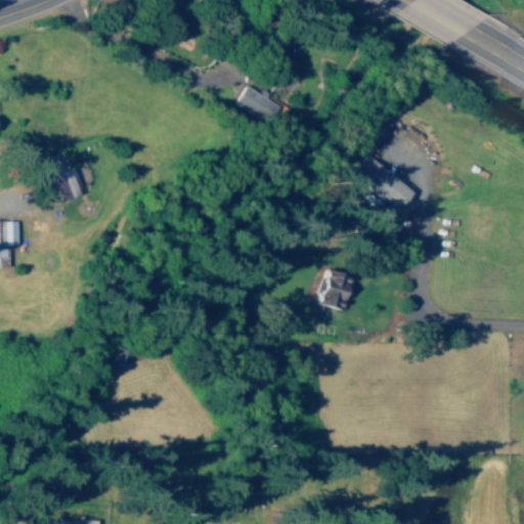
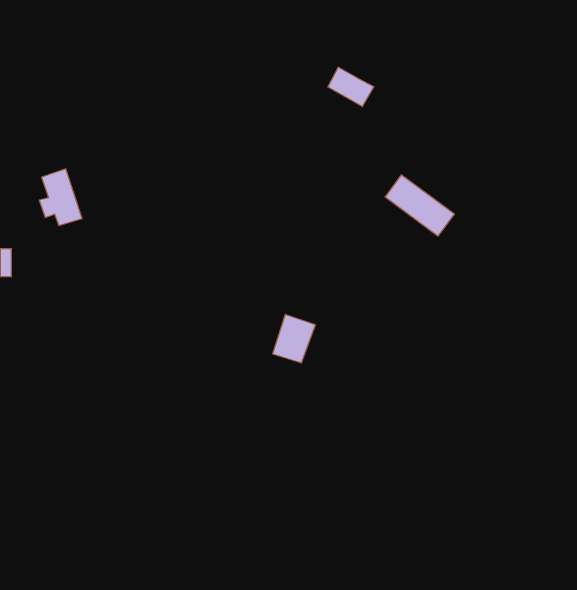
building: [239,86,280,121] -> [328,67,374,107]
building: [318,268,356,311] -> [273,314,315,363]

